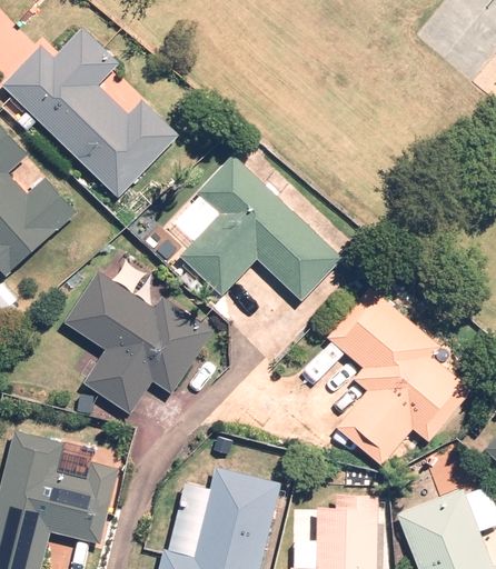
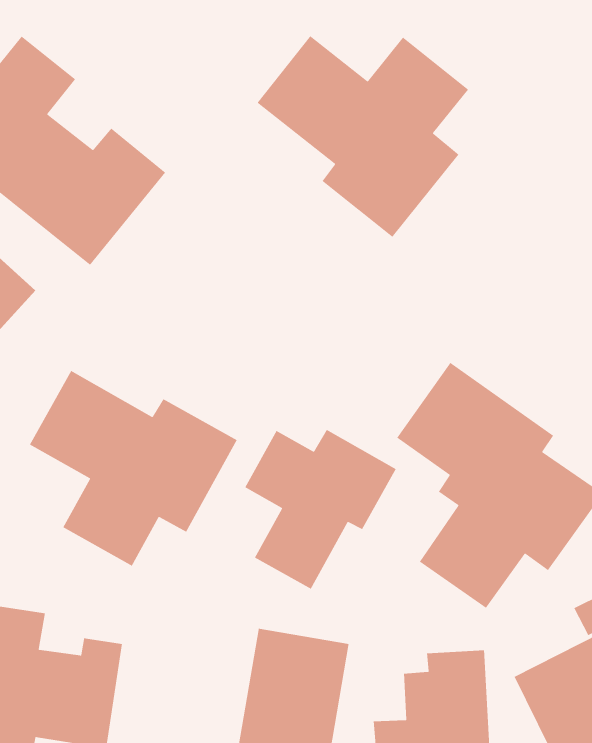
building: none -> [256,35,469,238]
building: [179,154,343,301] -> none
building: none -> [244,429,397,590]

